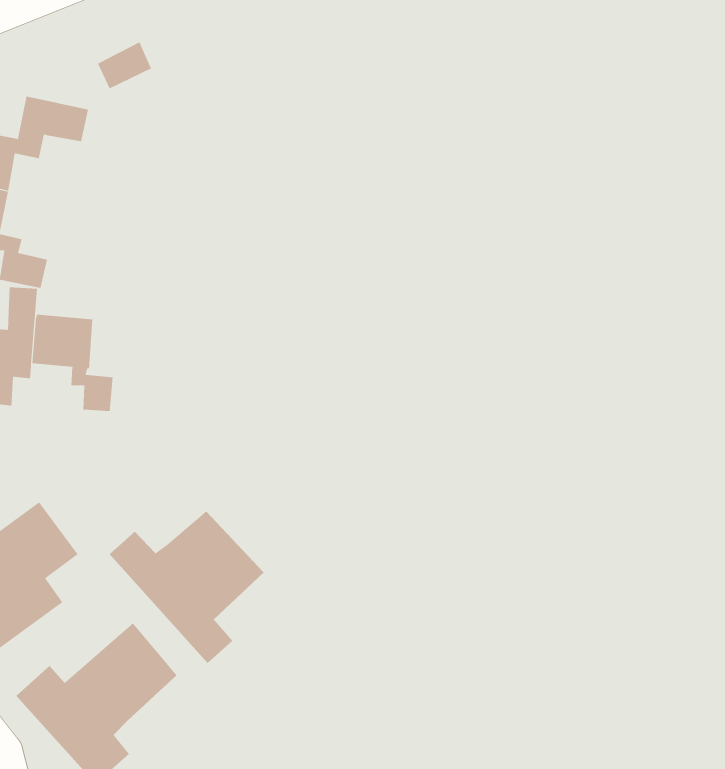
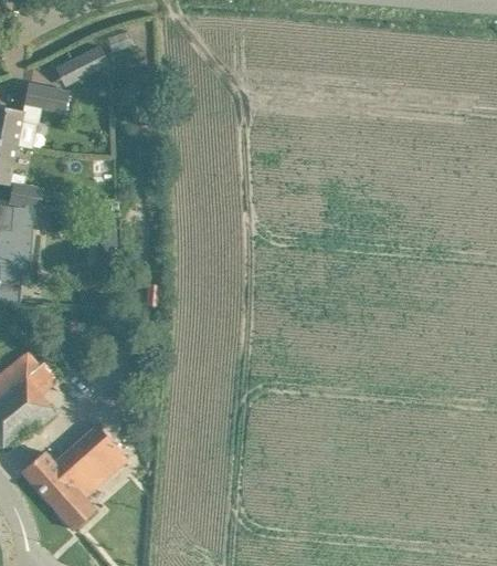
building: [32,314,113,412] -> none
building: [109,510,264,664] -> none

